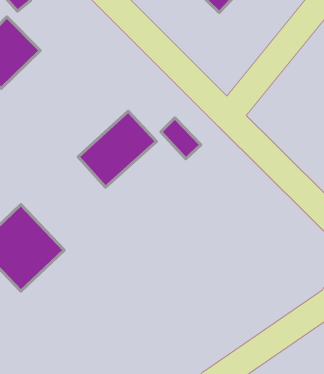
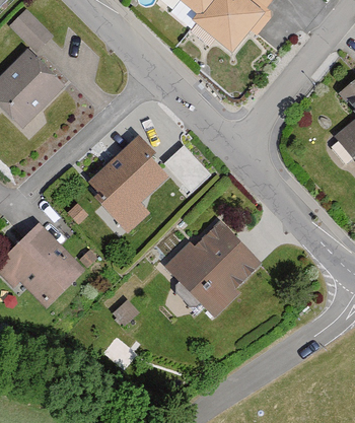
building: none -> [173,229,254,310]

